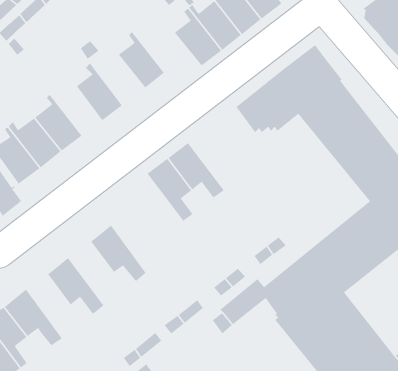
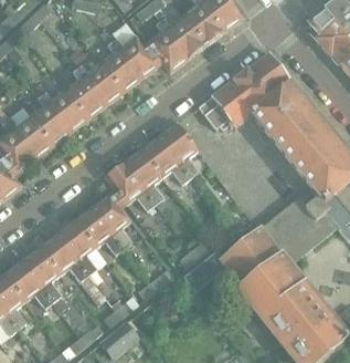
building: none -> [112,20,159,75]
building: none -> [77,60,124,103]
building: none -> [43,86,87,128]
building: none -> [160,121,199,175]
building: none -> [107,160,156,207]
building: none -> [95,191,131,245]
building: none -> [59,218,106,272]
building: none -> [23,246,65,308]

